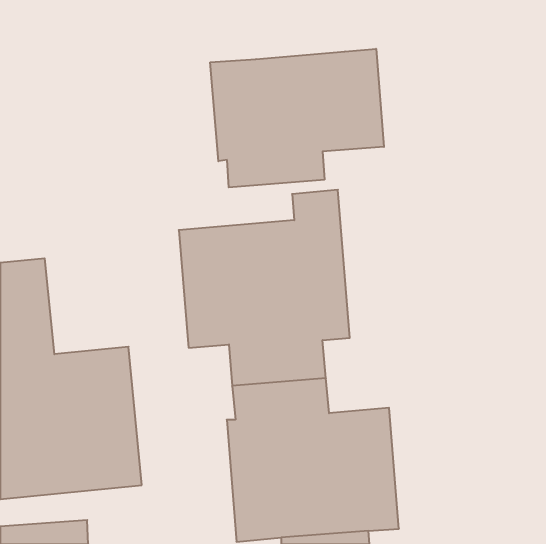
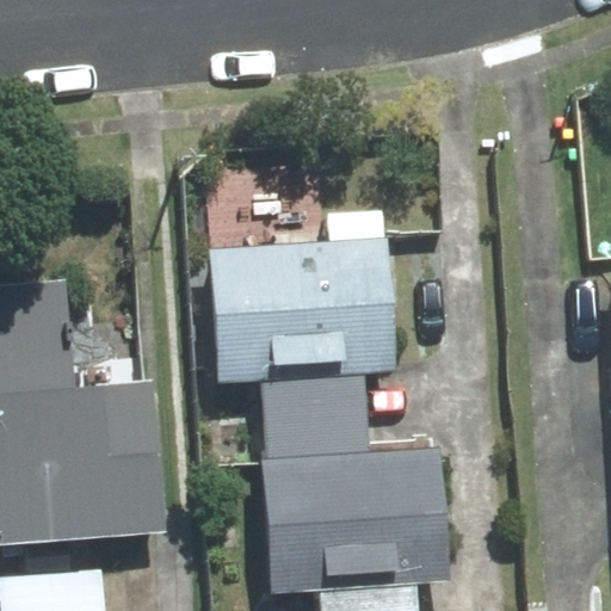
building: [210,49,384,187] -> none

